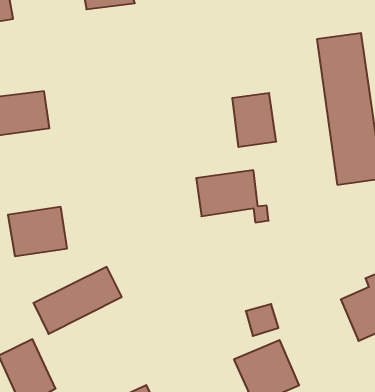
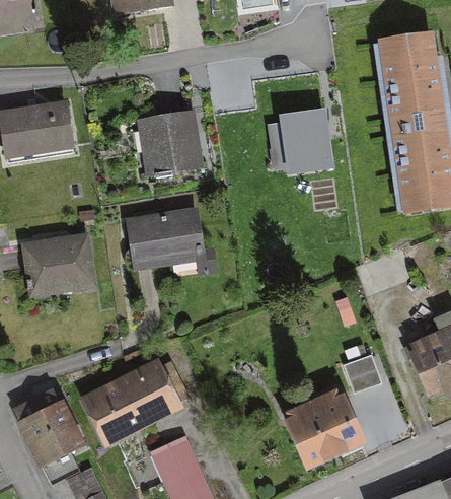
building: none -> [140,114,199,173]
building: [196,170,269,222] -> [130,213,213,273]
building: [33,267,122,334] -> [84,363,185,440]
building: [246,304,278,336] -> [344,356,381,393]

